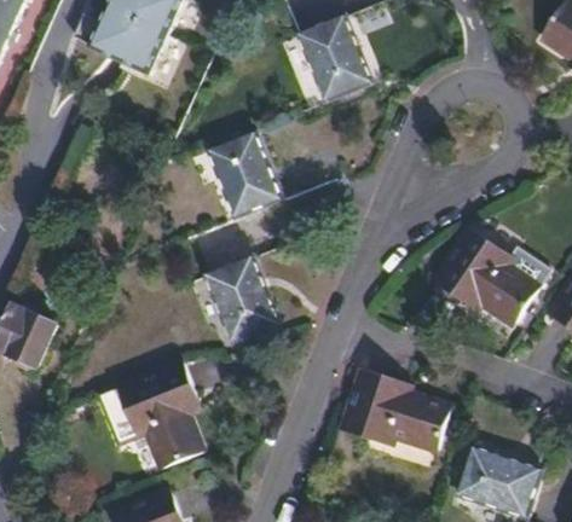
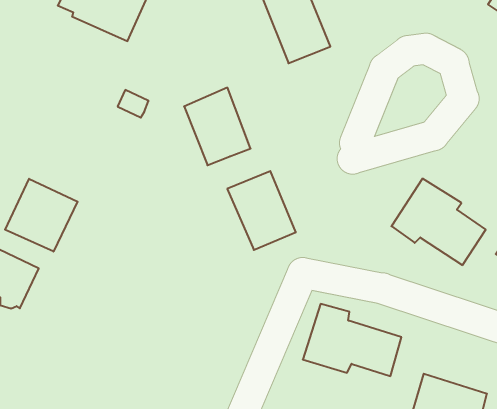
building: none -> [5,179,78,252]
building: [208,256,283,342] -> [227,171,296,250]
building: [103,359,208,464] -> none

